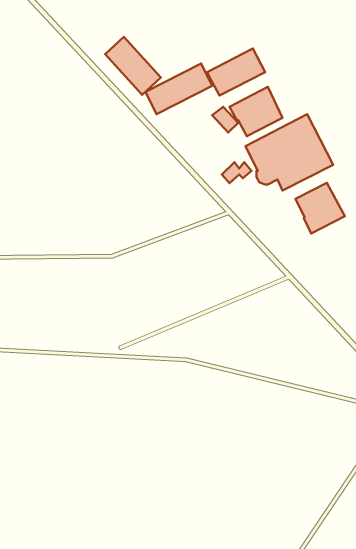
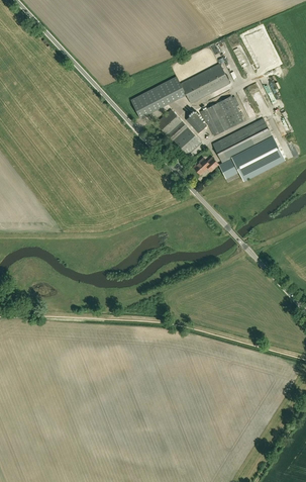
building: [105,37,161,95] -> [157,108,202,156]
building: [295,183,345,233] -> none

